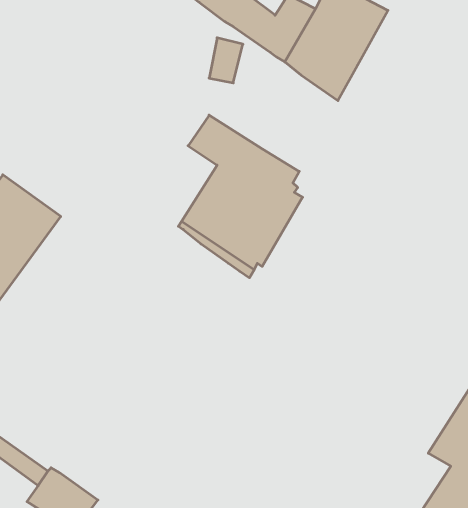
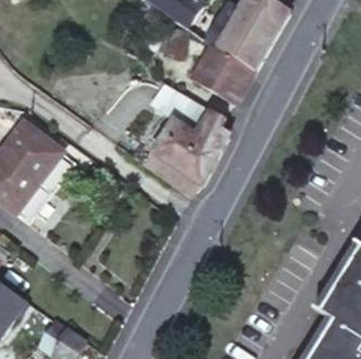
building: none -> [189,42,252,104]

